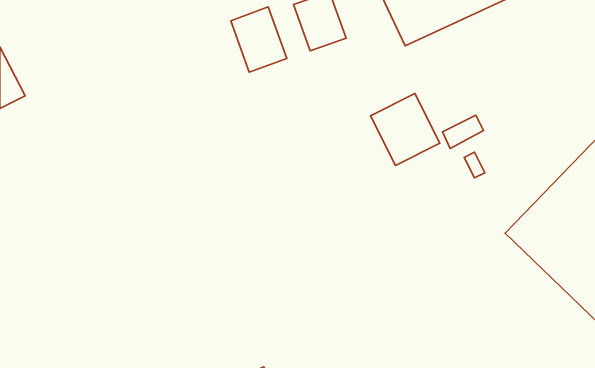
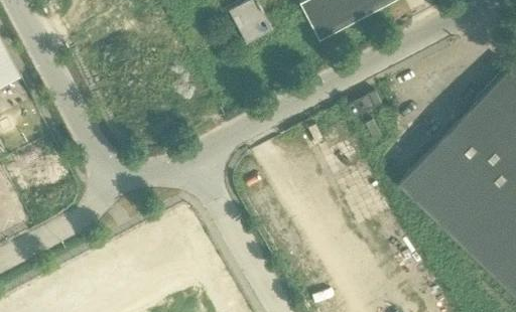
building: [231,7,287,72] -> none
building: [370,93,440,166] -> none

